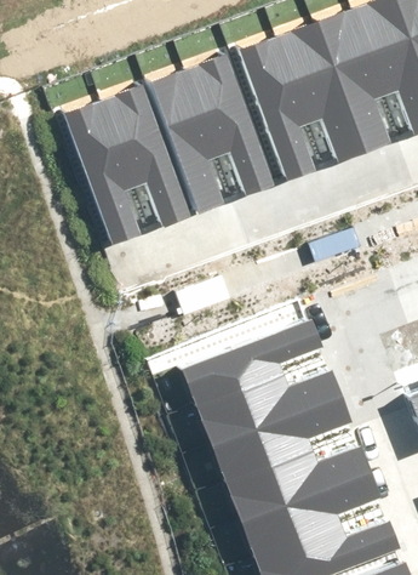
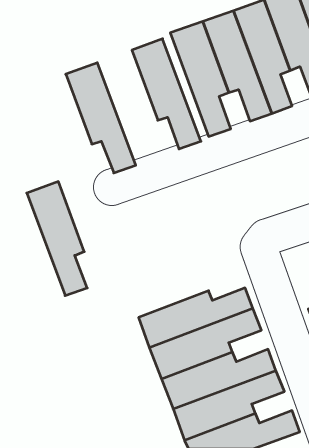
building: [148,69,223,214] -> none
building: [64,99,141,244] -> [27,182,87,296]
building: [181,320,321,408] -> none

